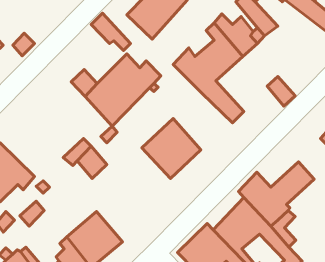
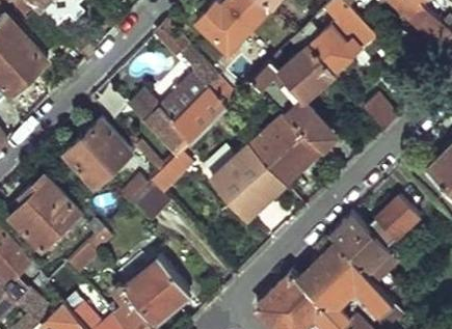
building: none -> [251,116,322,184]
building: none -> [65,117,133,185]

